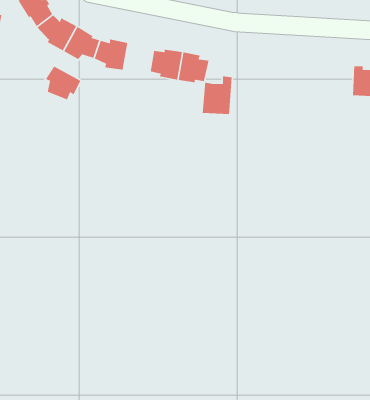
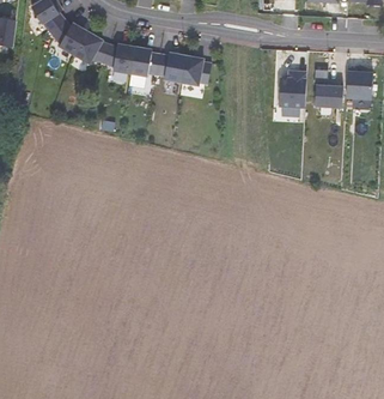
building: none -> [130,47,159,77]
building: [45,65,82,101] -> none
building: none -> [313,69,342,108]
building: [202,75,233,115] -> [278,71,306,108]

